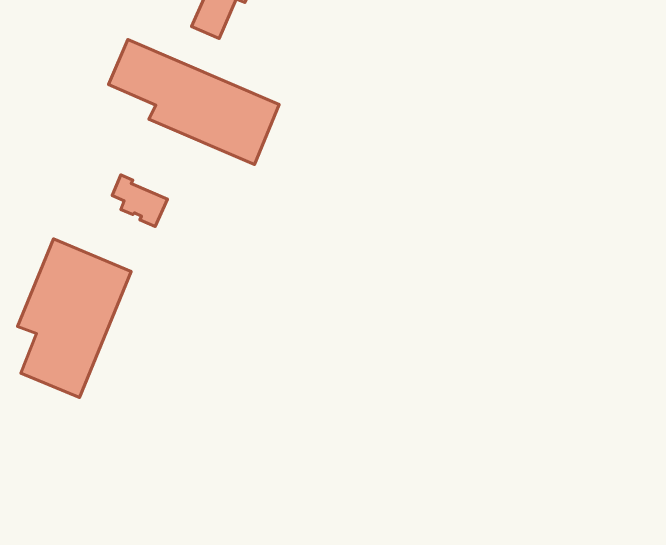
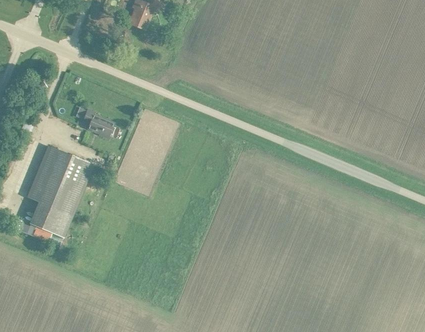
building: [109,39,279,164] -> none

